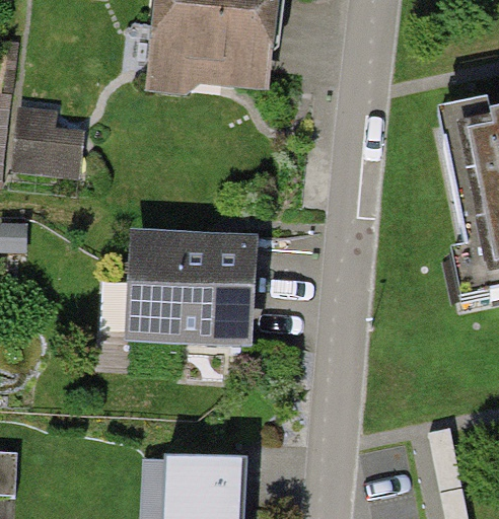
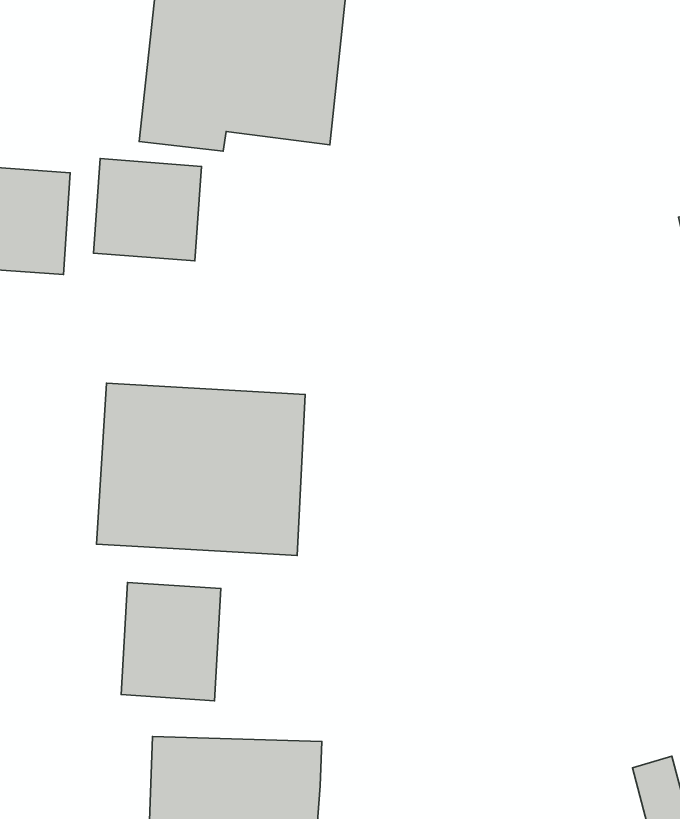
building: none -> [94,159,202,261]
building: none -> [121,582,221,701]

